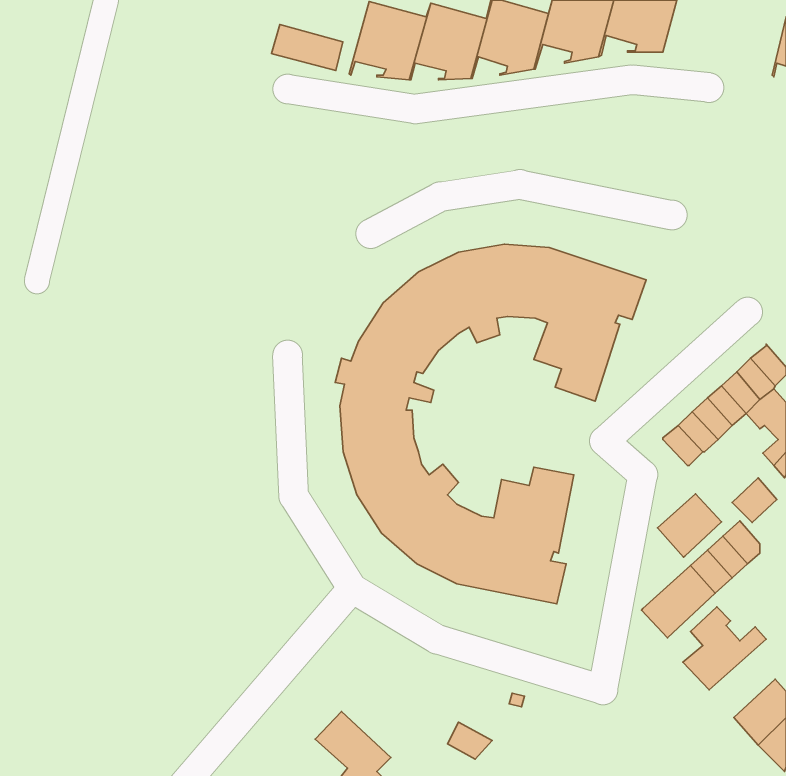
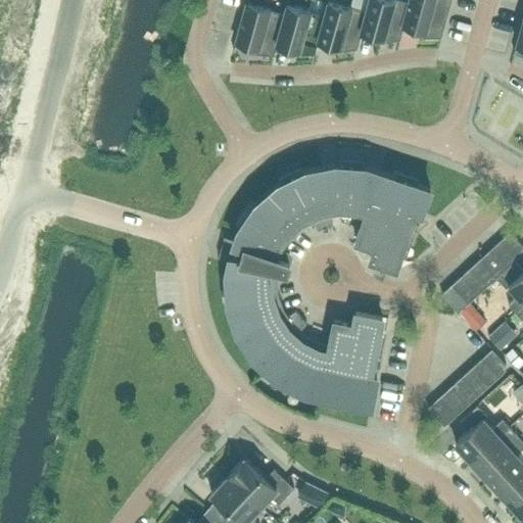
building: [272,24,343,70] -> none
building: [657,494,721,557] -> none
building: none -> [471,431,516,483]
building: none -> [227,461,293,510]

